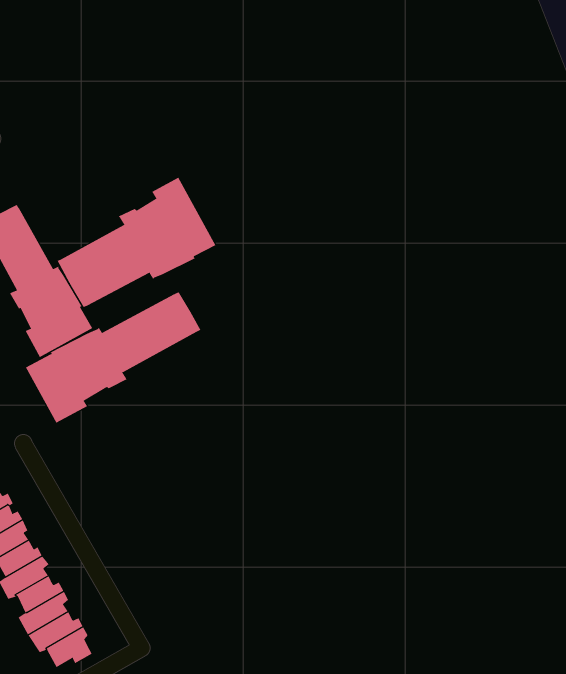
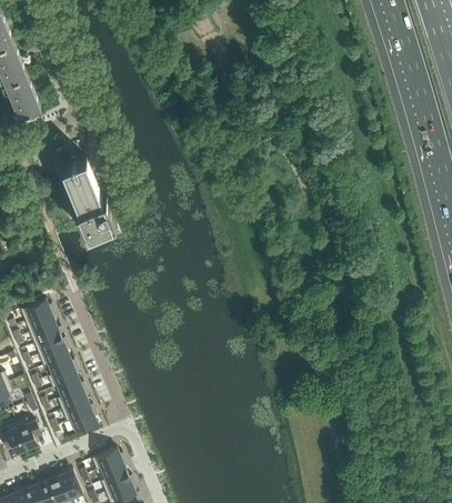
building: [57,177,216,308] -> none
building: [25,291,201,424] -> none

